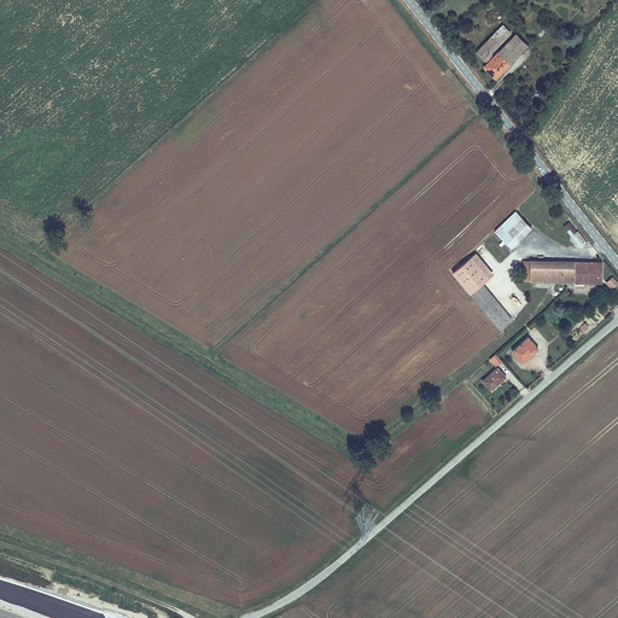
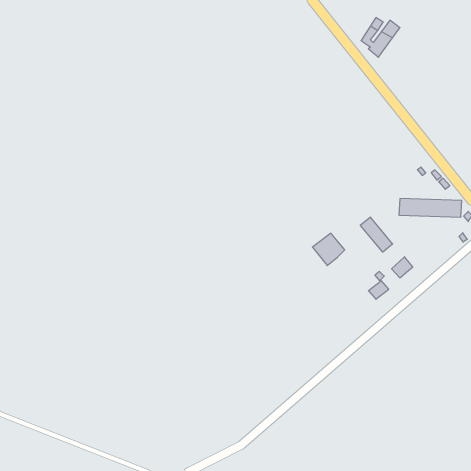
building: [495,211,534,249] -> none
building: [453,253,495,296] -> [312,233,345,266]

